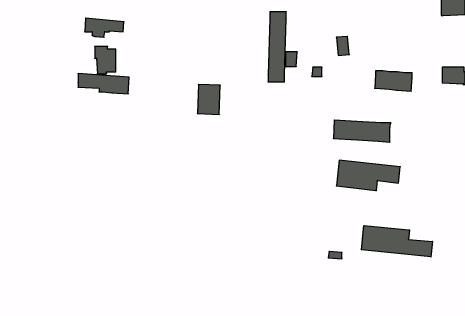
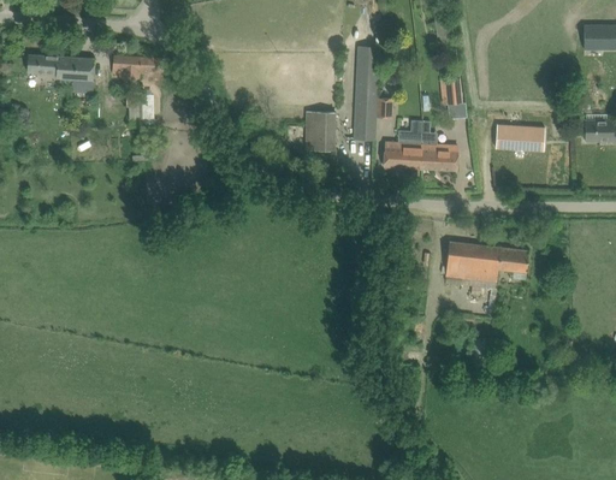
building: [78,74,129,94] -> [26,54,94,81]
building: [197,84,220,114] -> [304,111,334,150]
building: [333,120,391,142] -> [383,142,458,171]
building: [361,226,432,257] -> none

